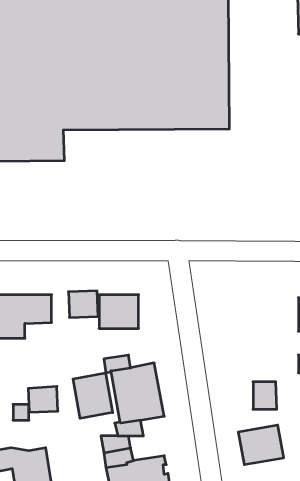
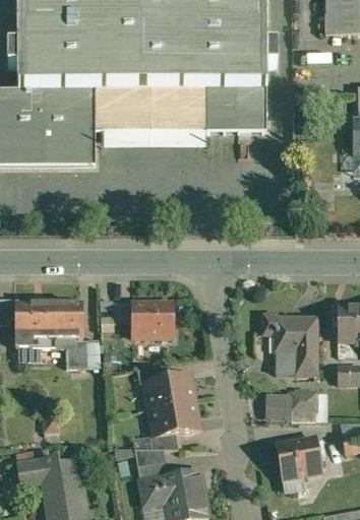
building: none -> [264,315,315,375]
building: [73,373,113,418] -> none
building: none -> [267,393,291,421]
building: [28,386,58,412] -> [68,340,99,367]

